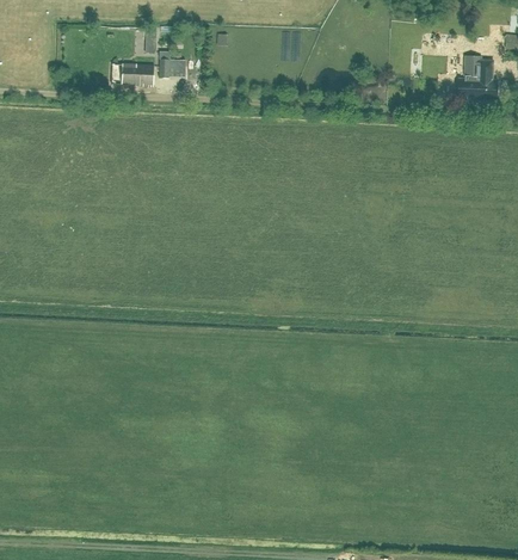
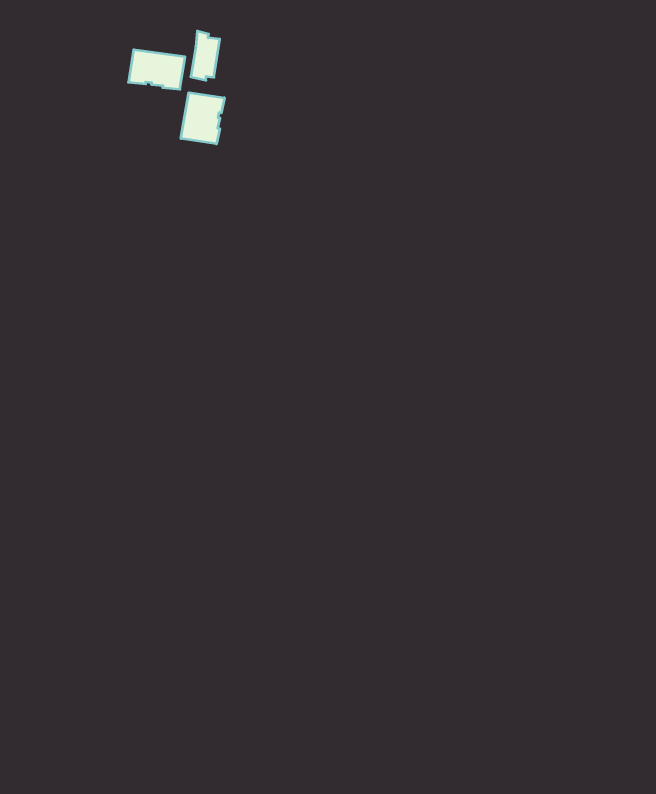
building: none -> [181,93,224,144]

